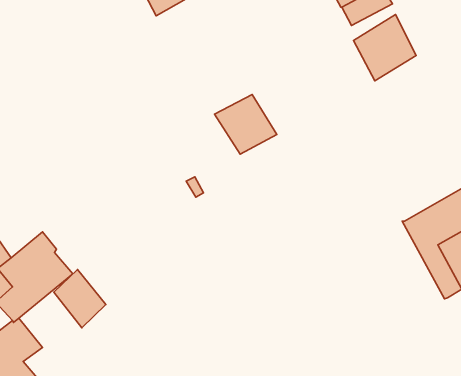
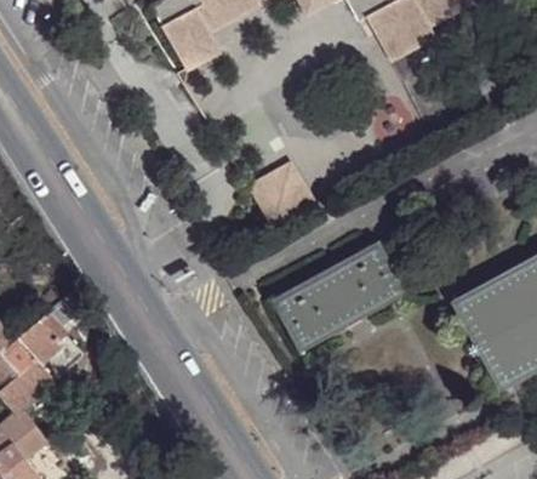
building: [354,15,416,81] -> none
building: none -> [279,249,411,353]
building: [54,270,106,328] -> none

